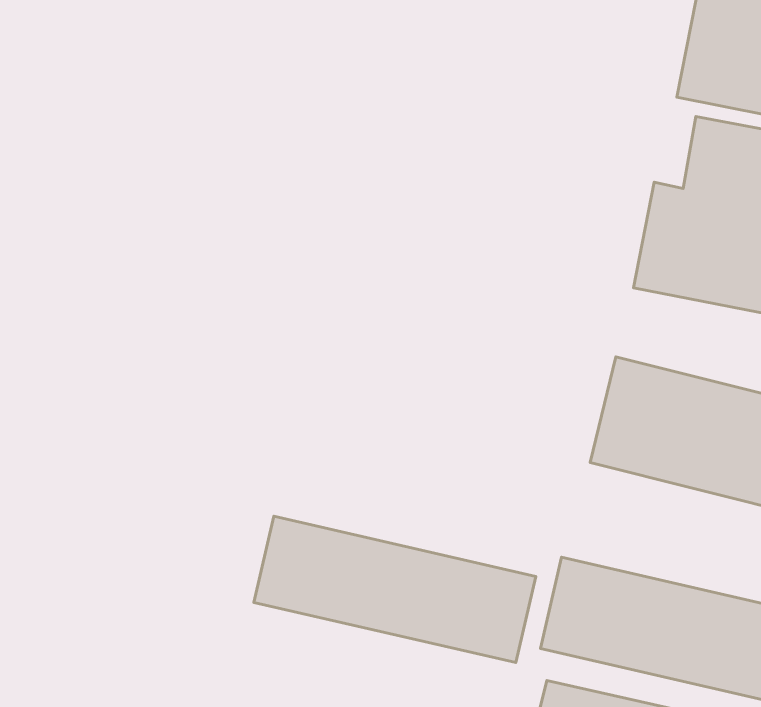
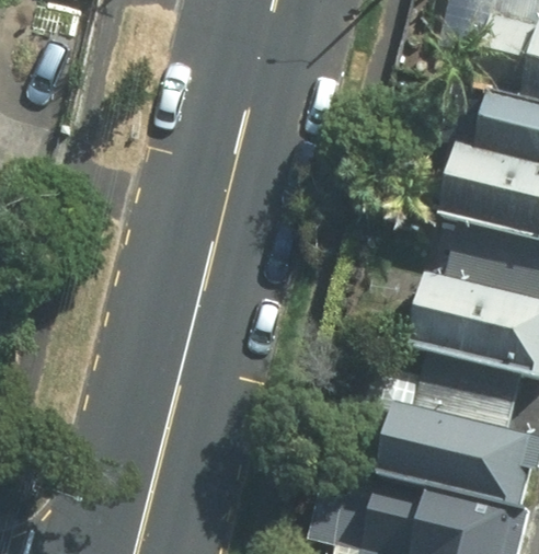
building: [254,516,536,663] -> none

